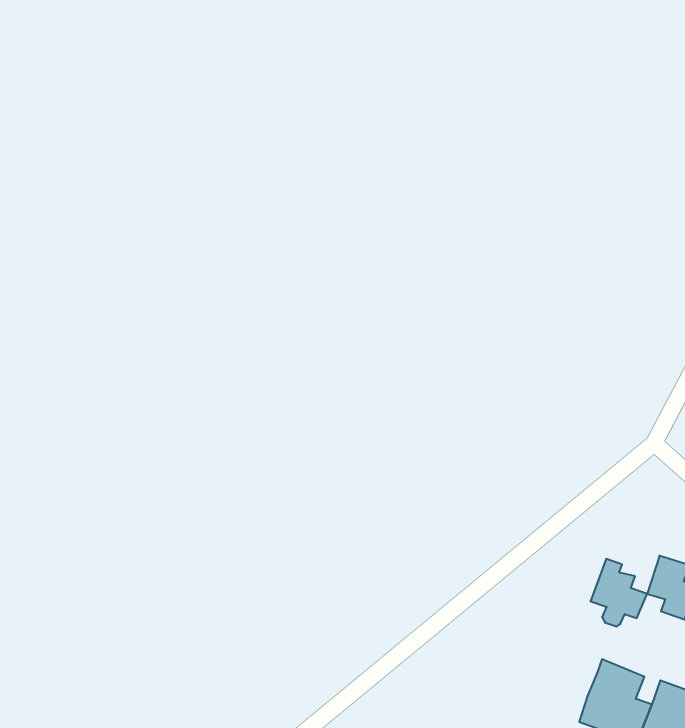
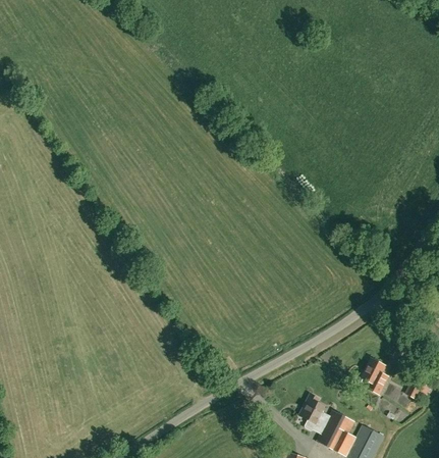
building: [590,559,647,627] -> [299,394,330,430]

